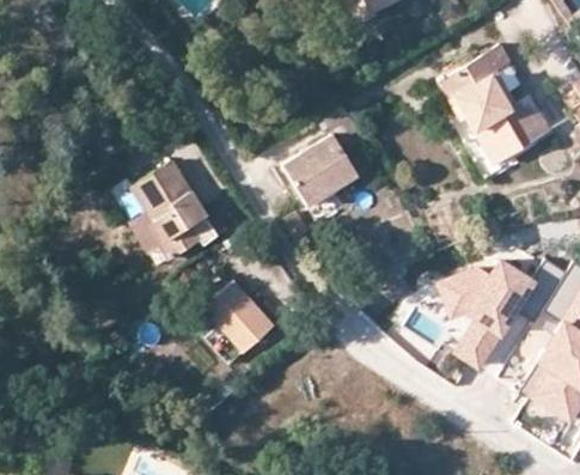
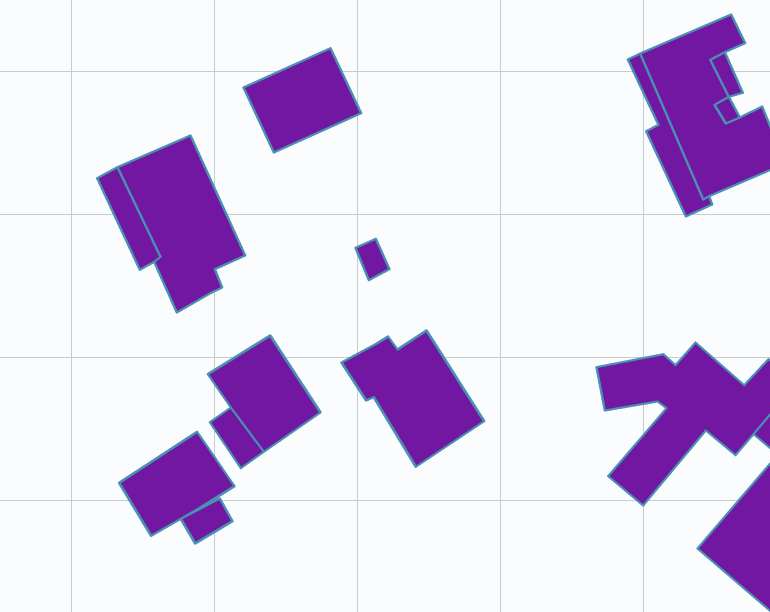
building: [285,136,360,206] -> [243,48,361,153]
building: none -> [341,331,484,467]
building: none -> [119,432,234,536]

